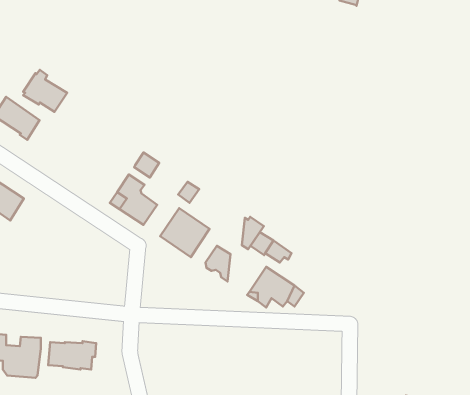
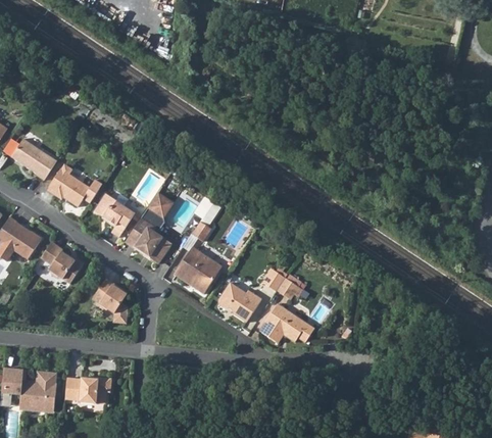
building: [23,70,67,112] -> [48,165,91,206]
building: none -> [94,194,135,233]
building: none -> [41,241,83,282]
building: [242,217,264,249] -> [239,290,260,322]
building: none -> [91,277,127,322]

